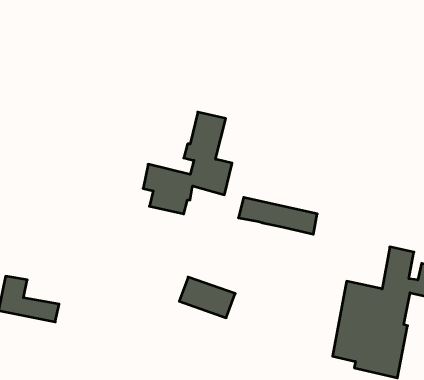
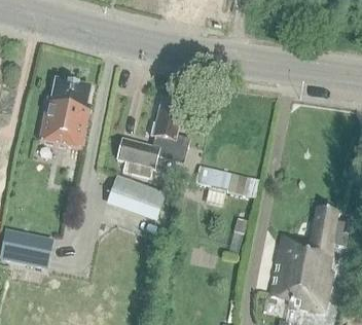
building: none -> [38,77,92,149]
building: [179,277,235,318] -> [120,179,166,212]

